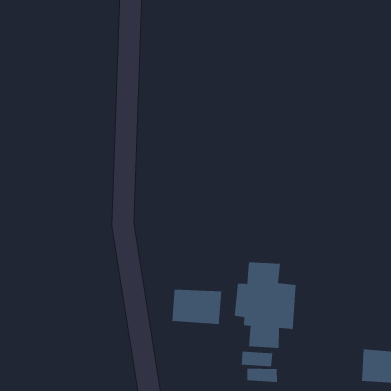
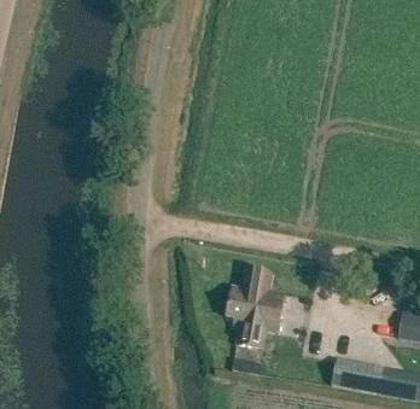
building: [172,289,222,325] -> none

